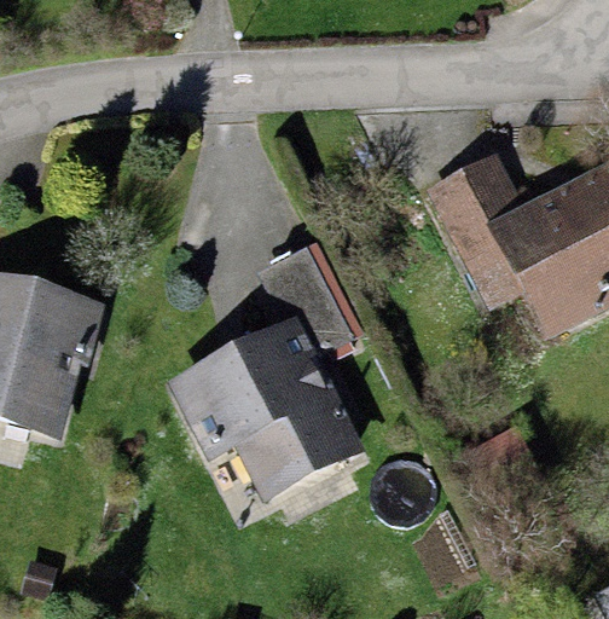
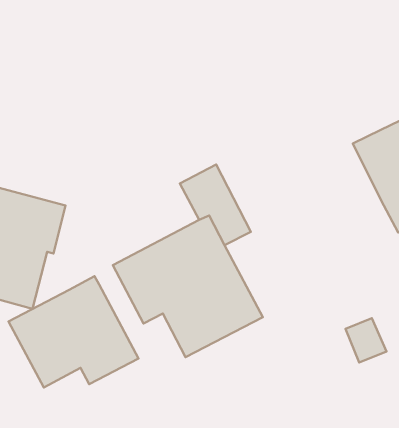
building: [424,150,523,311] -> none
building: none -> [8,276,138,388]

